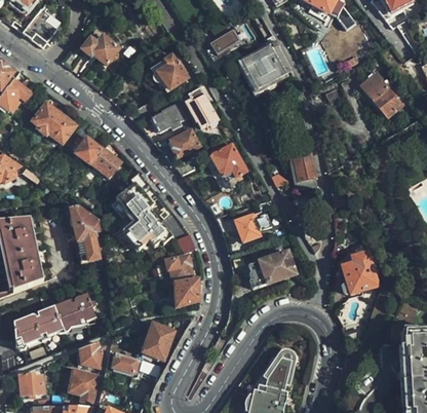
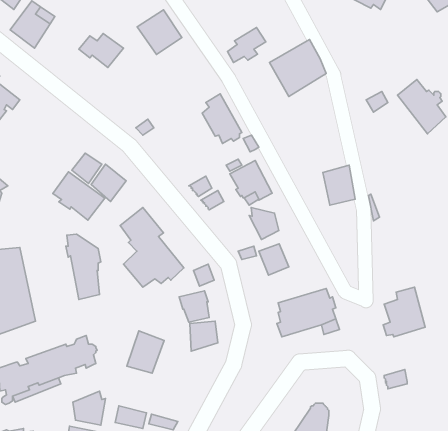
building: [151,53,189,91] -> [137,10,182,54]
building: [32,103,76,144] -> [53,172,105,220]
building: [152,103,186,133] -> none
building: [159,129,199,158] -> none
building: none -> [249,208,279,240]
building: [143,323,174,359] -> [127,331,164,373]

